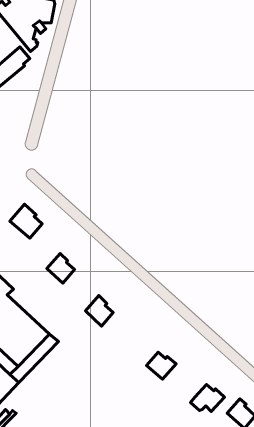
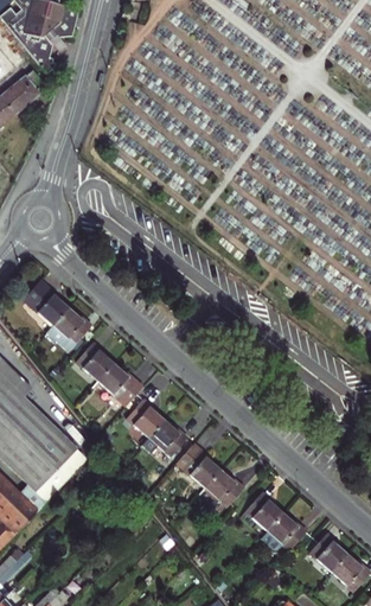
building: none -> [46,300,95,350]
building: none -> [92,361,139,403]
building: none -> [140,417,184,458]
building: none -> [173,441,218,487]
building: none -> [244,490,282,529]

